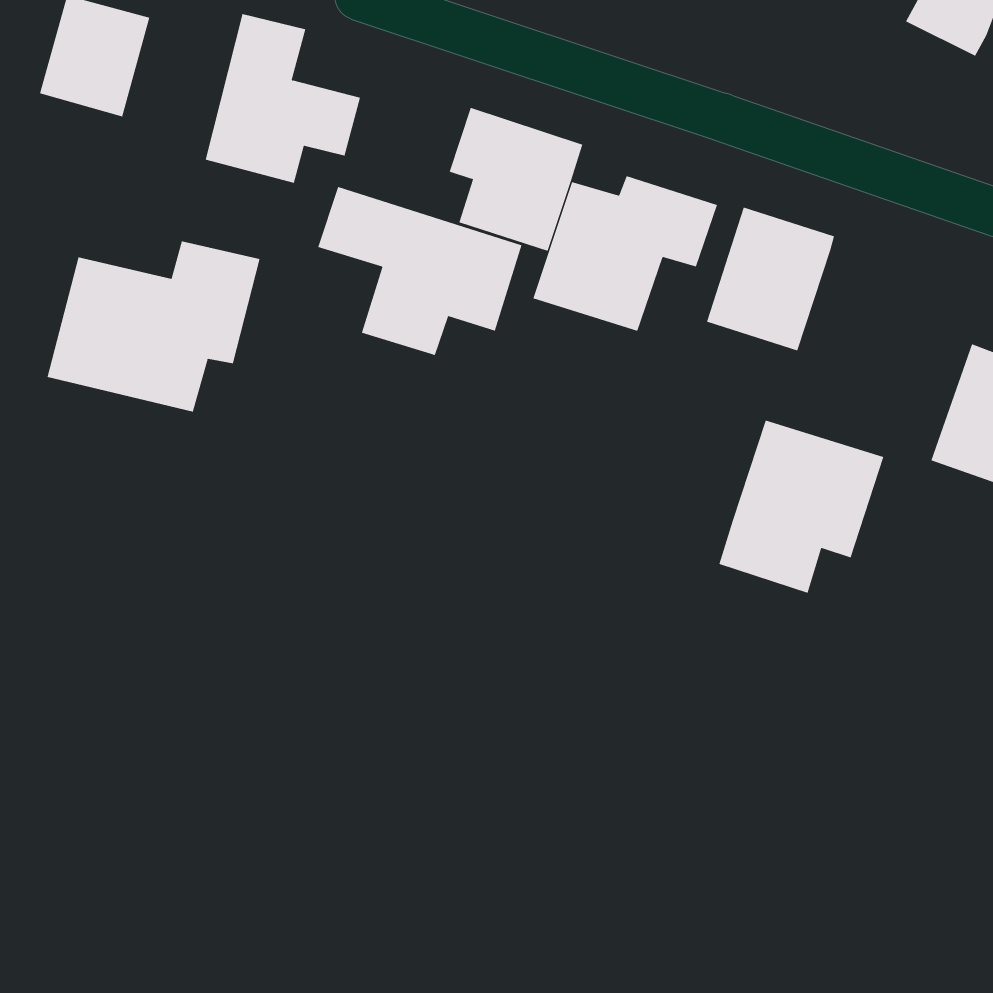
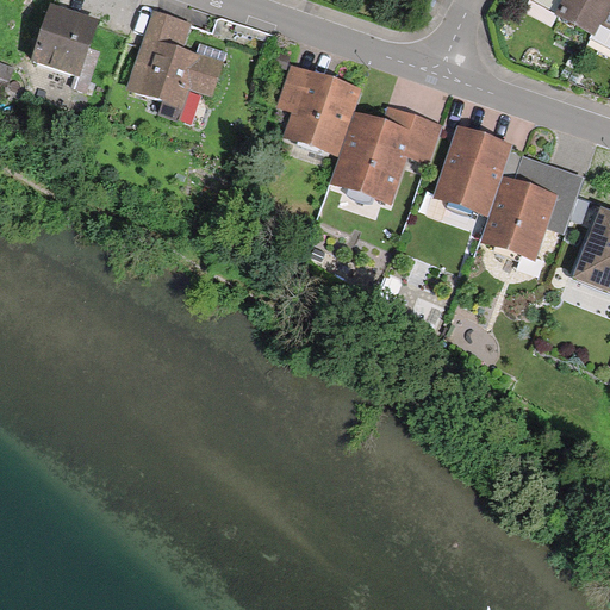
building: [317,186,522,356] -> none
building: [47,240,260,413] -> none
building: [718,420,884,593] -> [481,152,583,259]

